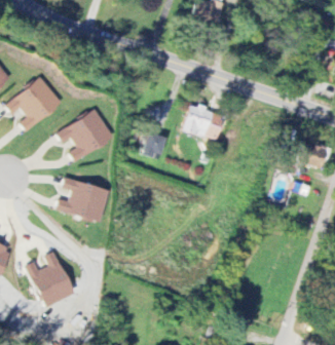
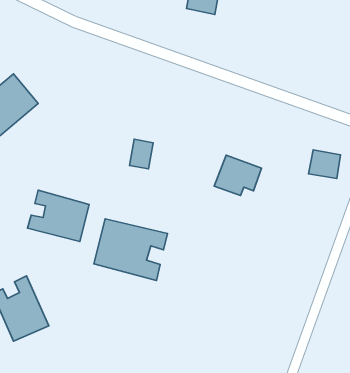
building: [182,102,223,137] -> [214,155,262,196]
building: [55,109,113,160] -> none
building: none -> [94,219,167,281]

